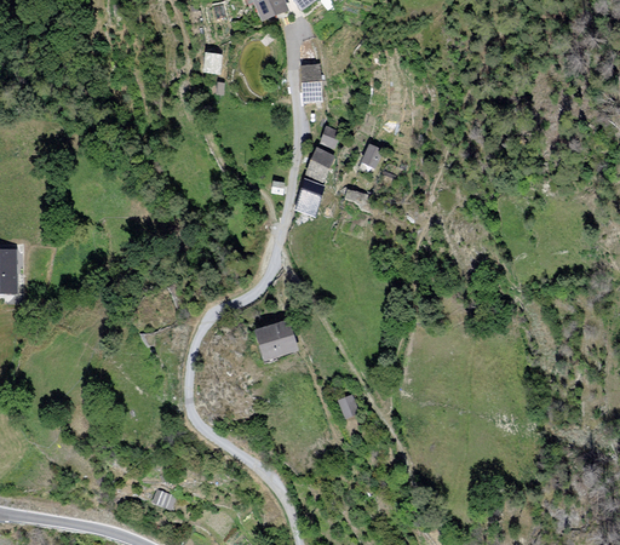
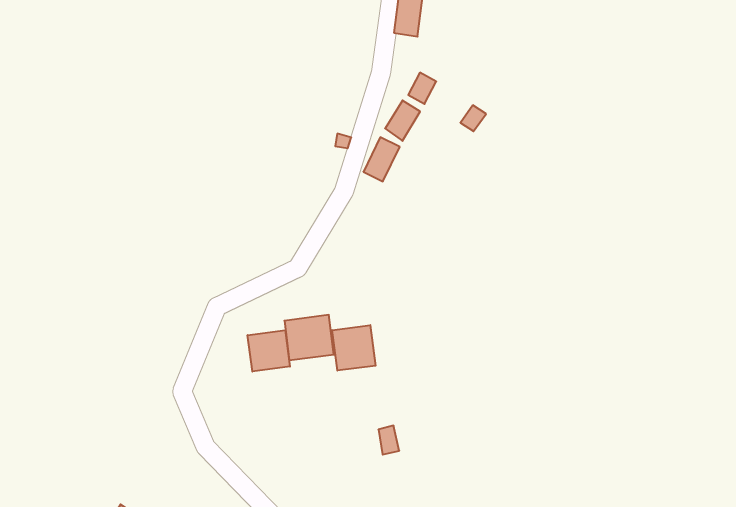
building: none -> [332,325,376,371]
building: none -> [248,330,290,372]

